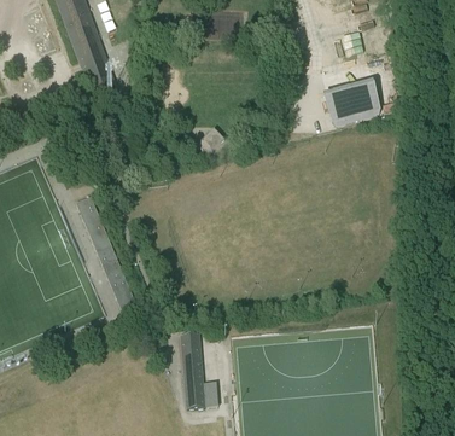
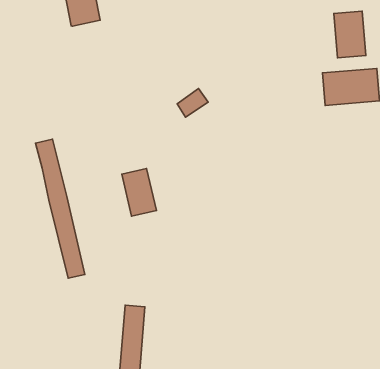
building: none -> [334,11,366,58]
building: none -> [122,168,156,216]

